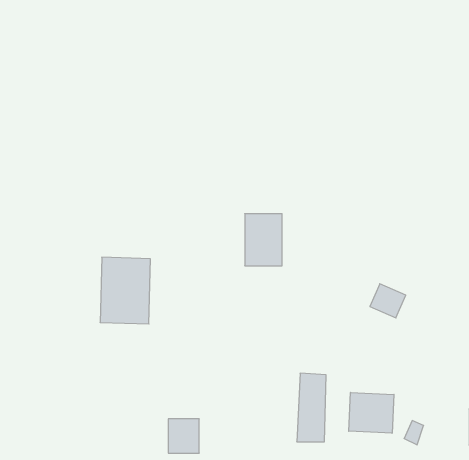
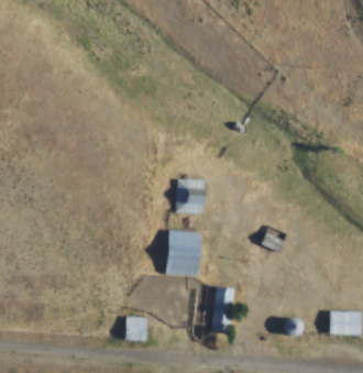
building: [100,257,150,324] -> [165,231,199,276]
building: [349,392,394,433] -> none

